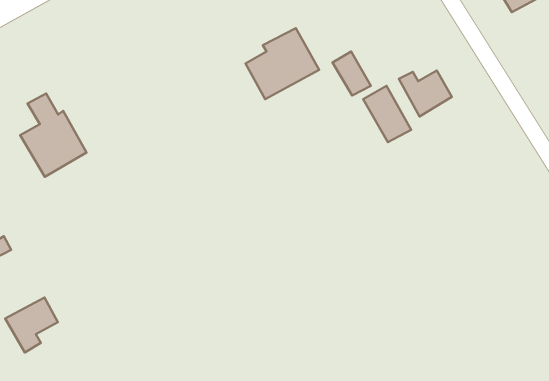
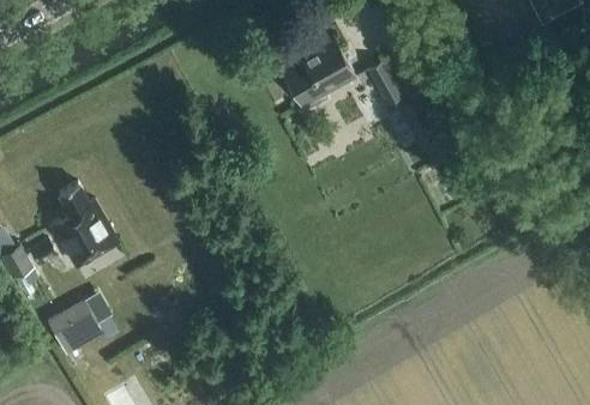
building: [399,70,452,116] -> none
building: [20,94,86,177] -> [52,183,116,265]

